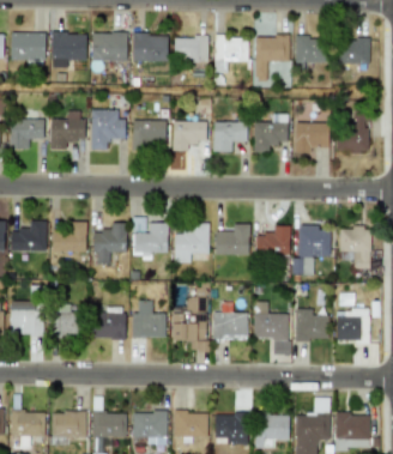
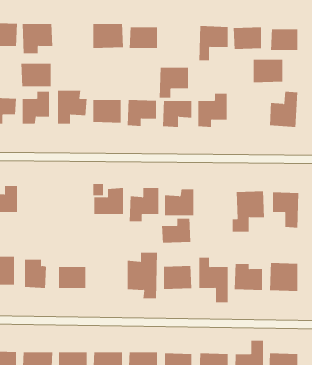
building: [91,34,127,61] -> [20,63,52,87]
building: [213,37,248,73] -> [159,67,189,98]
building: [295,123,329,151] -> [253,59,283,83]
building: [53,223,86,253] -> none
building: [93,223,126,264] -> none
building: [255,226,290,255] -> [161,218,191,243]
building: [131,301,165,338] -> none

